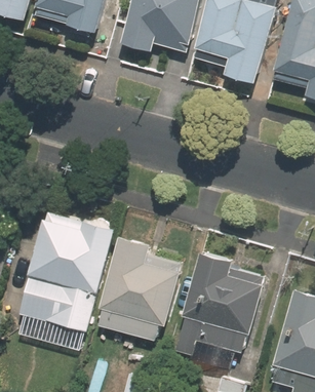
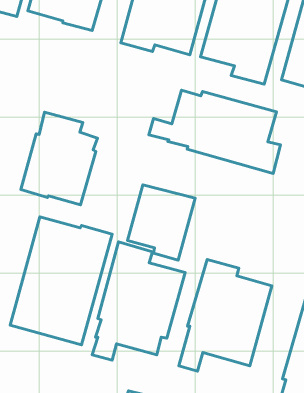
building: none -> [149,90,280,173]
building: none -> [21,112,97,205]
building: none -> [127,185,195,260]

